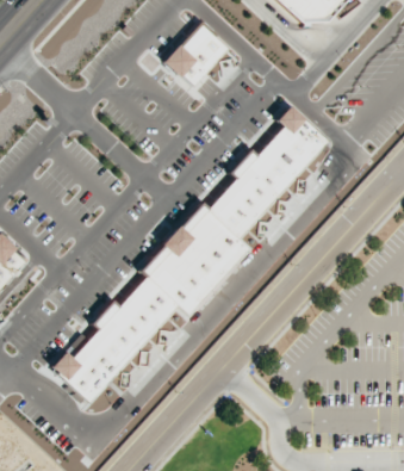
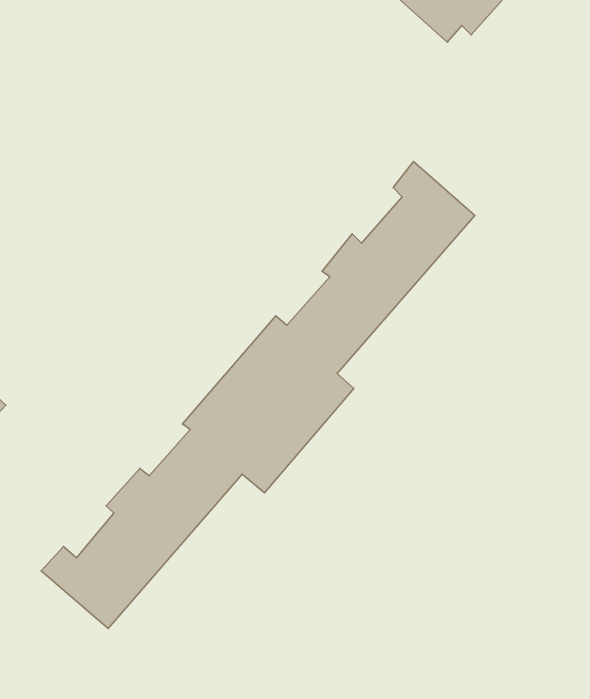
building: [164,23,229,87] -> none

